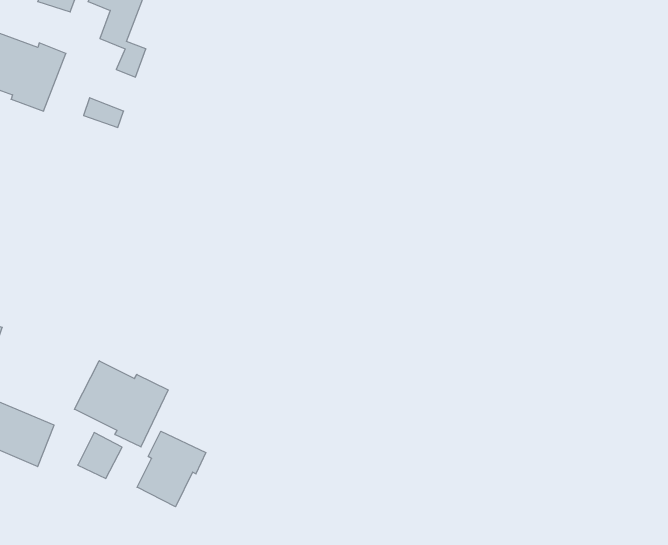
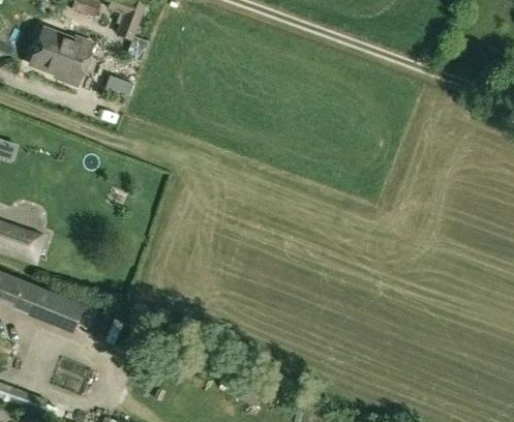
building: [74,361,168,447] -> none
building: [137,431,206,507] -> none

